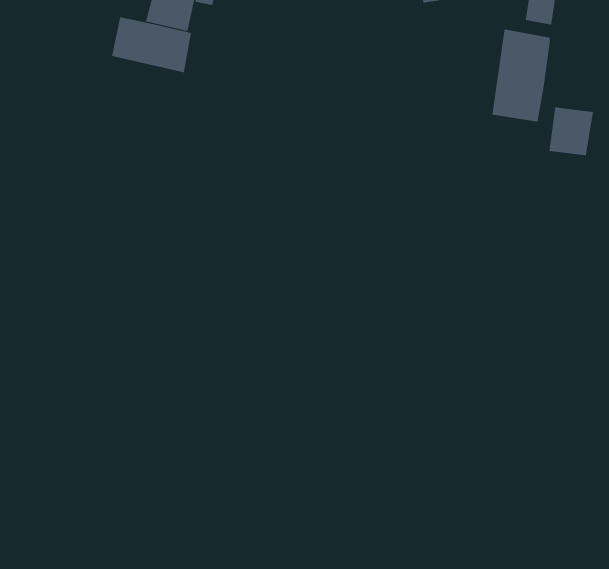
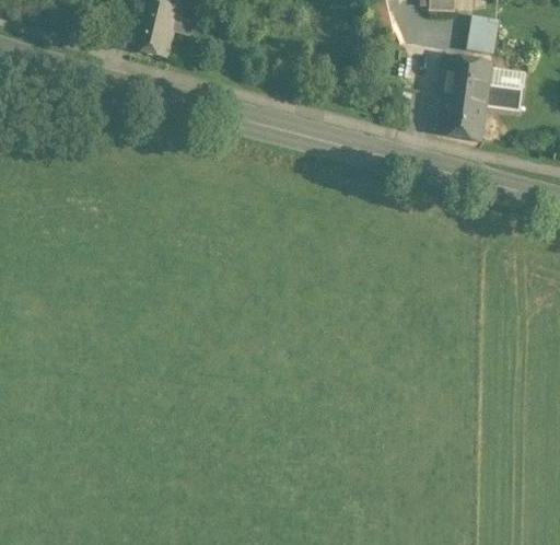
building: [111,17,192,73] -> none
building: [548,107,594,156] -> [486,66,526,109]

